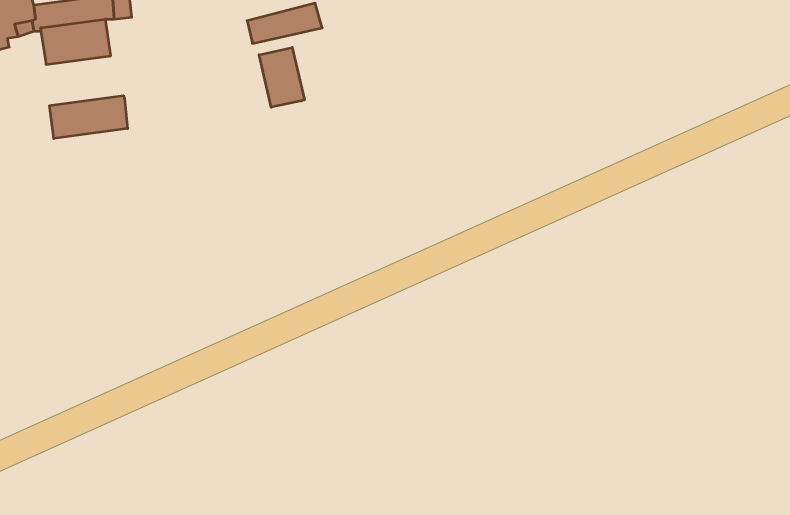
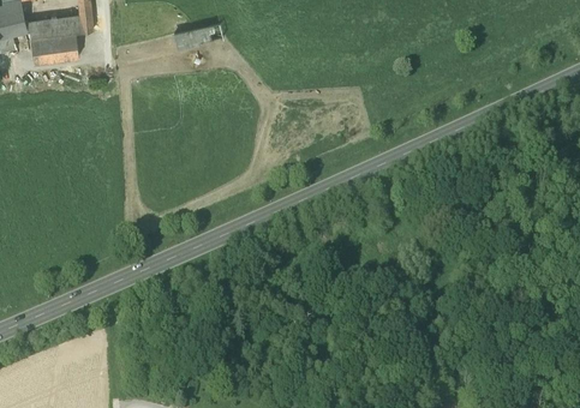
building: [259,47,304,107] -> none
building: [50,96,128,139] -> none

